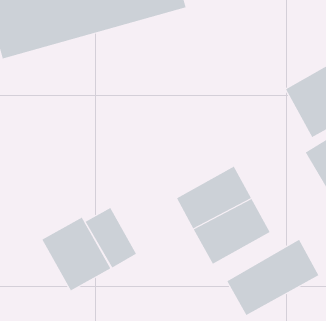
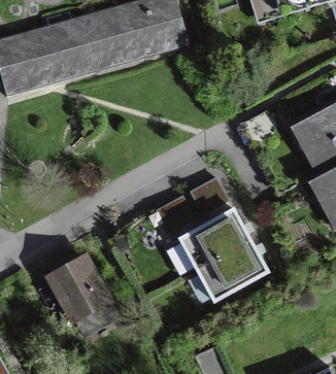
building: [85,207,137,268] -> none
building: [226,239,319,316] -> none

